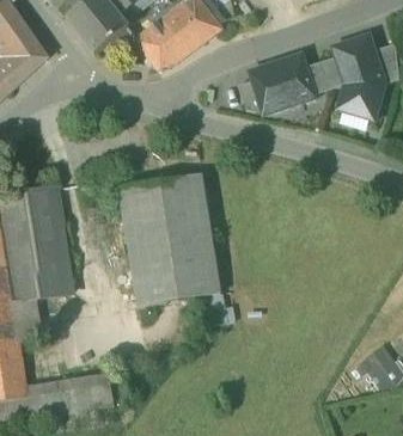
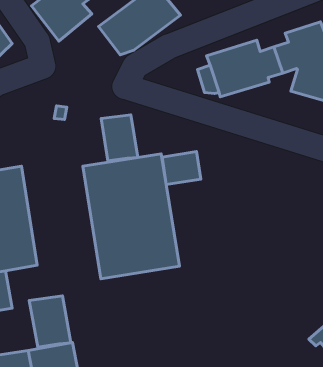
building: none -> [101,115,138,161]
building: none -> [162,152,201,185]
building: none -> [29,296,71,347]

